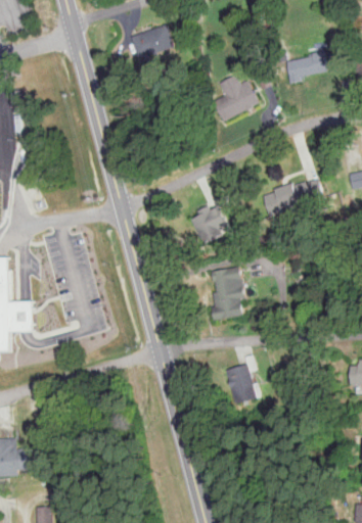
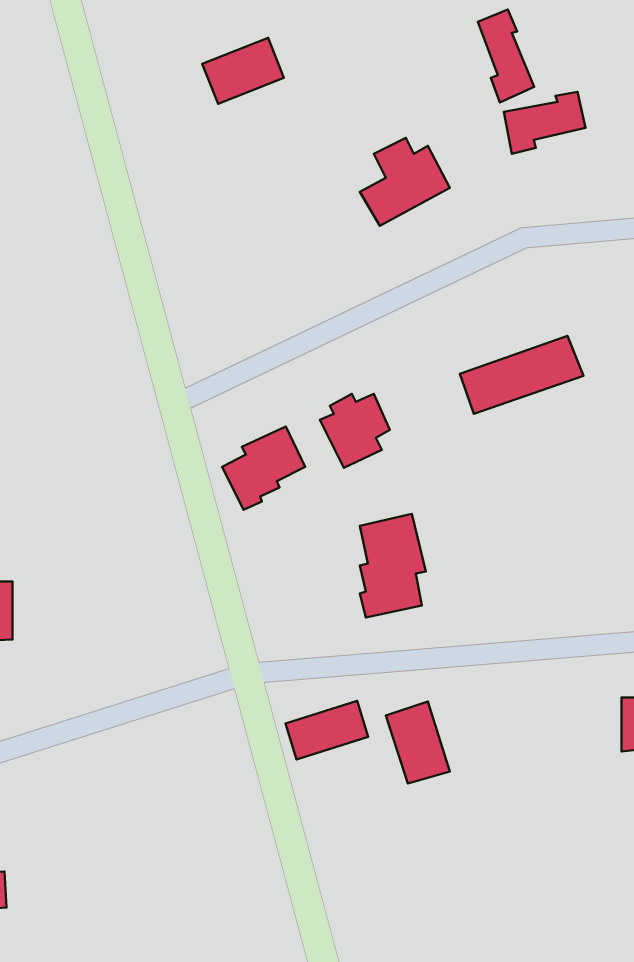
building: none -> [478,9,534,103]
building: none -> [222,426,305,510]
building: none -> [286,701,368,759]

